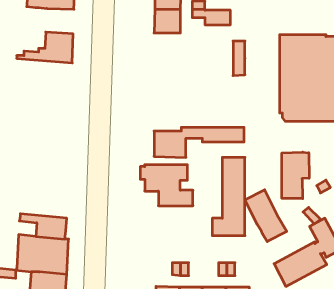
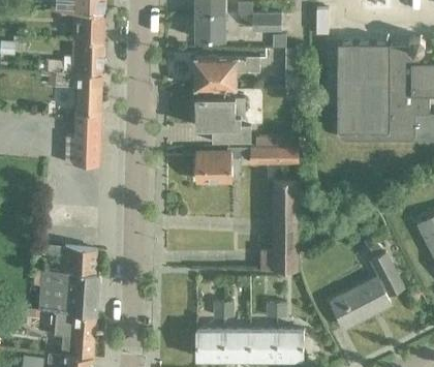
building: none -> [60,10,103,40]
building: none -> [194,56,258,88]
building: none -> [35,68,101,165]
building: [282,152,309,199] -> none
building: [140,165,193,206] -> [190,97,250,144]
building: [245,190,287,242] -> none

